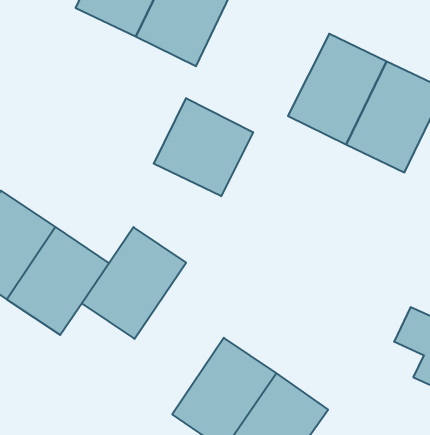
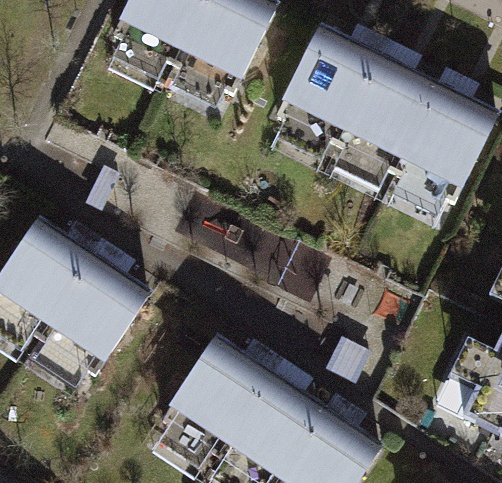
building: none -> [280,18,383,134]
building: [154,98,253,196] -> none
building: [82,227,186,339] -> [164,329,273,446]

